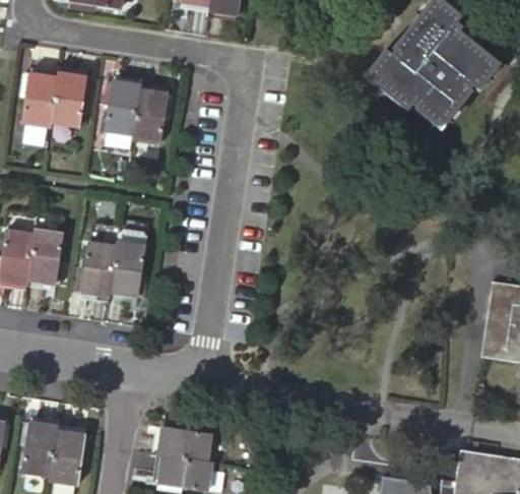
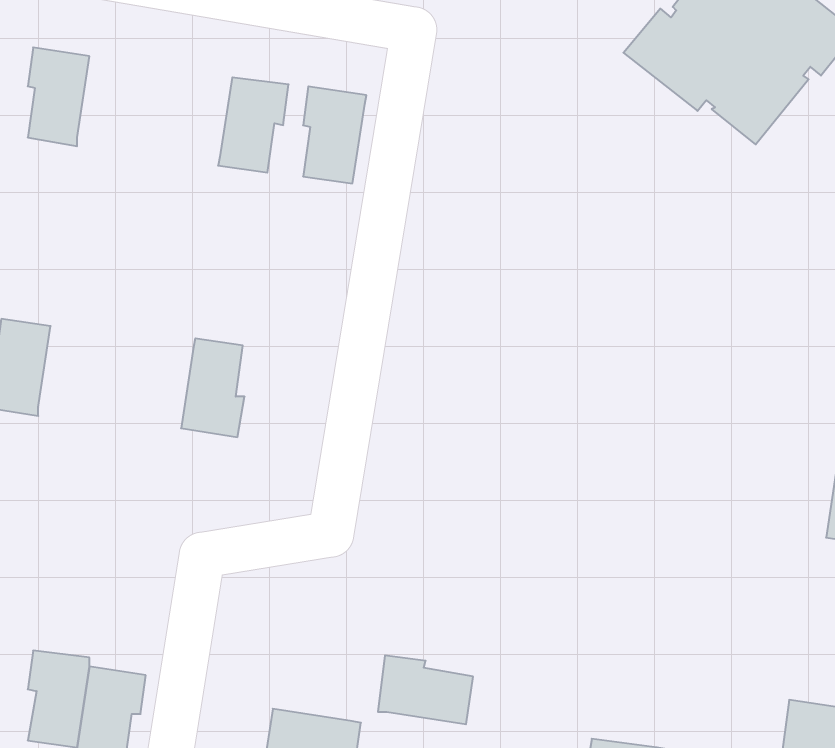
building: [50,73,90,129] -> none
building: [104,80,140,136] -> [303,86,366,183]
building: [27,229,64,286] -> none
building: [76,242,117,298] -> none
building: [157,422,212,461] -> [378,655,473,724]

